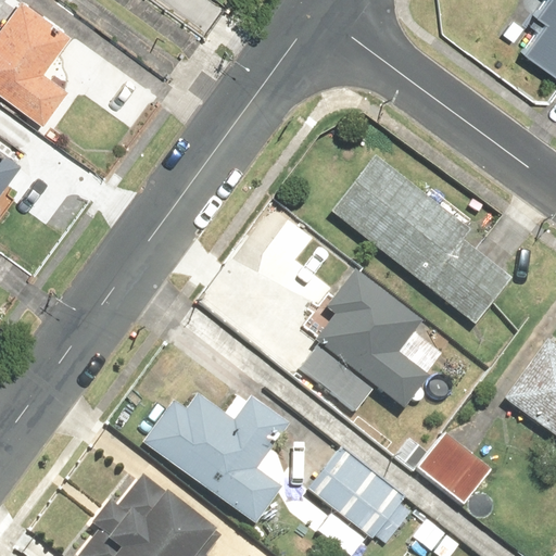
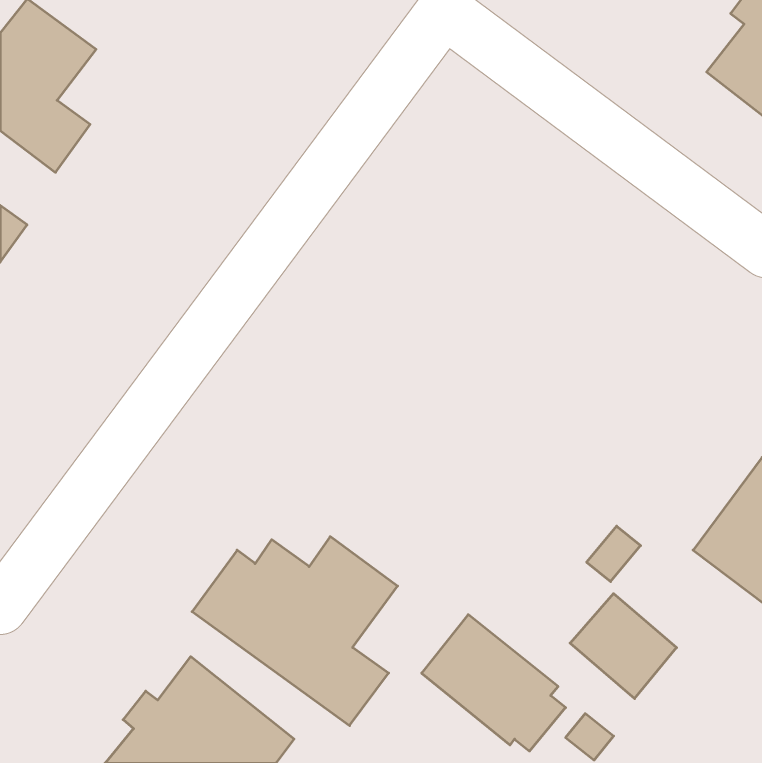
building: [332,155,507,323] -> none
building: [302,265,429,410] -> none

